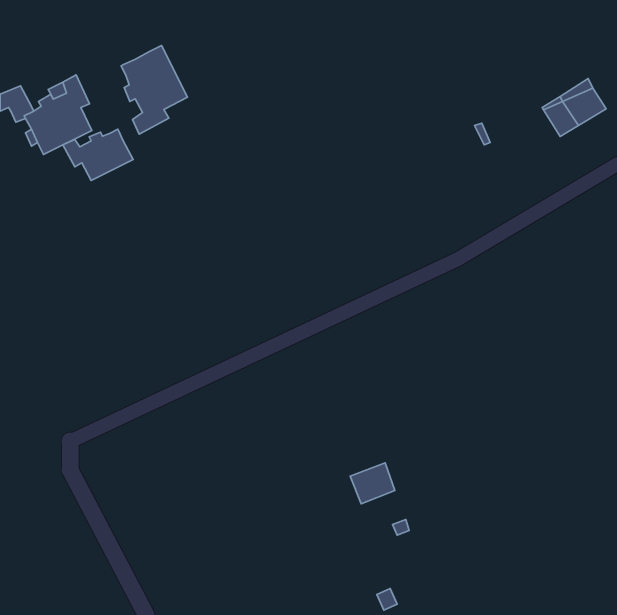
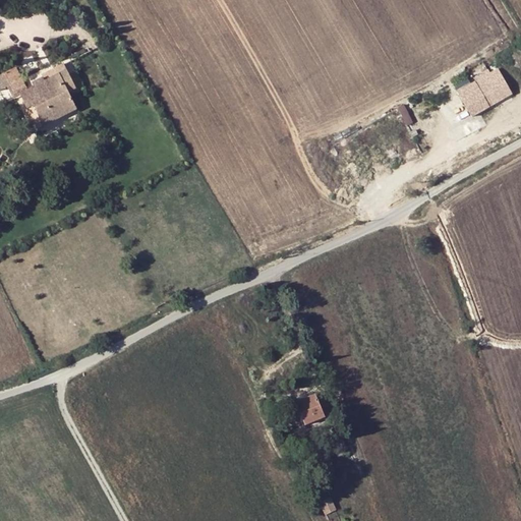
building: [121,45,187,134] -> none
building: [63,129,133,180] -> none

